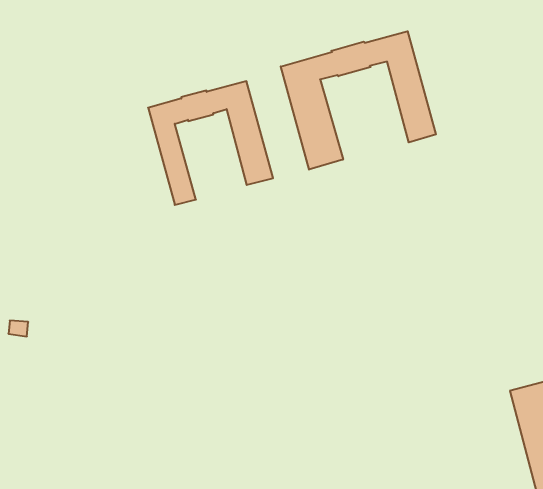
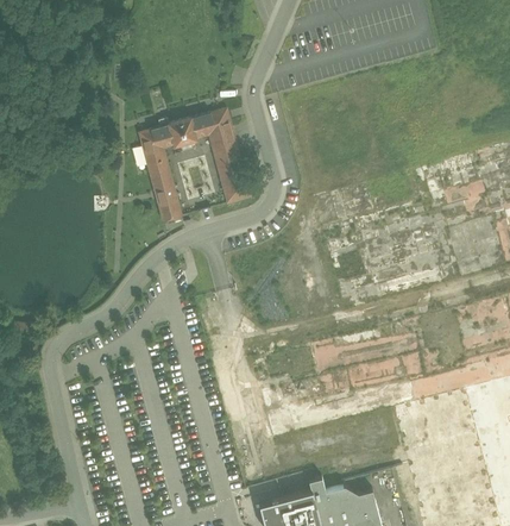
building: [281,31,436,170] -> none

